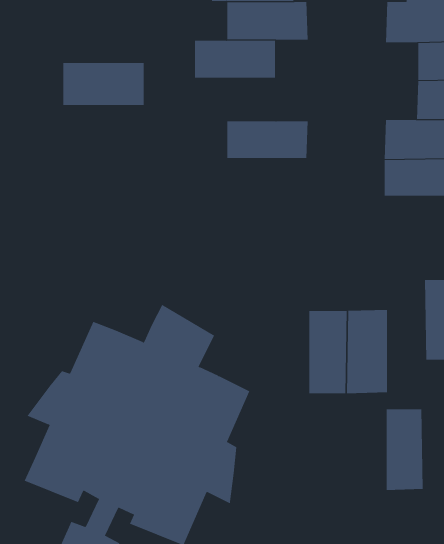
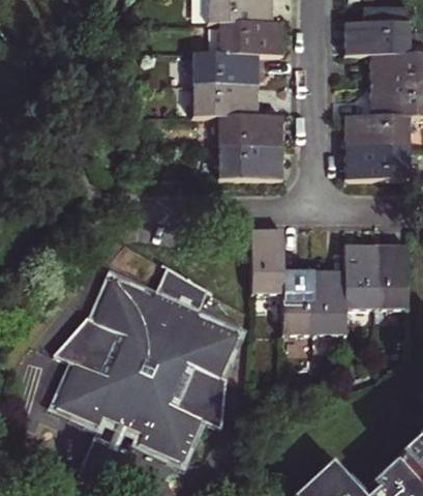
building: [63,63,144,106] -> [192,84,258,118]
building: none -> [218,148,282,178]
building: none -> [252,230,283,293]
building: [386,409,424,491] -> [346,244,376,310]

